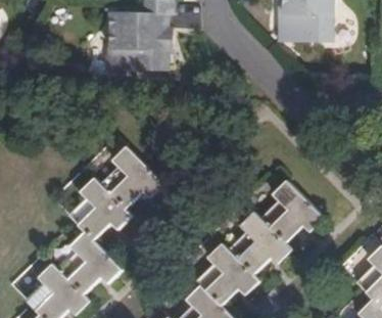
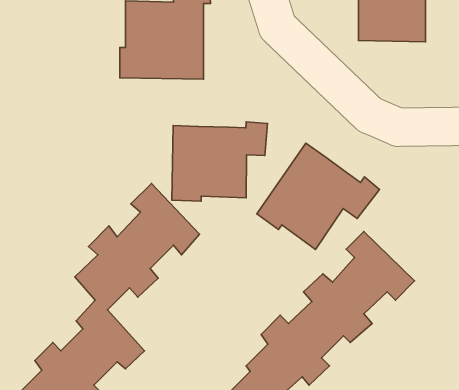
building: none -> [172,122,267,201]
building: none -> [257,143,380,249]

